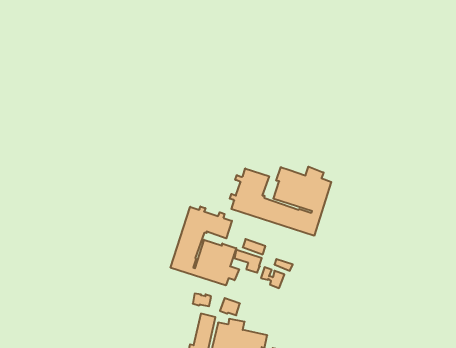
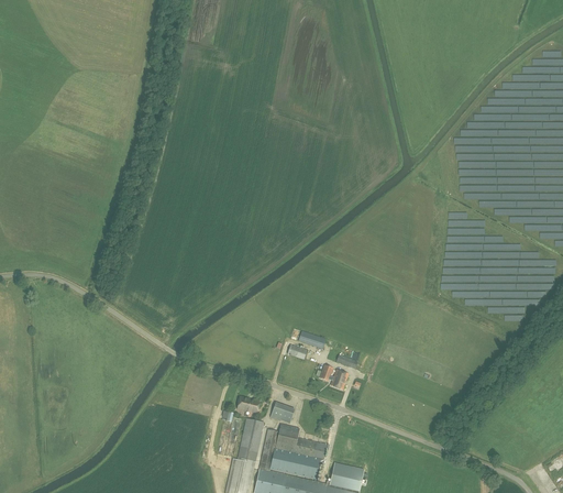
building: [230,167,331,236] -> none
building: [171,206,239,285] -> none

